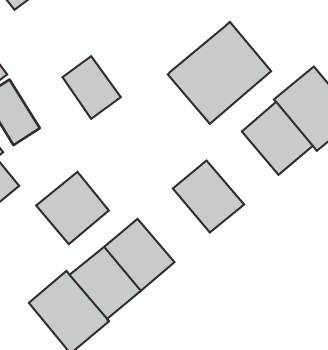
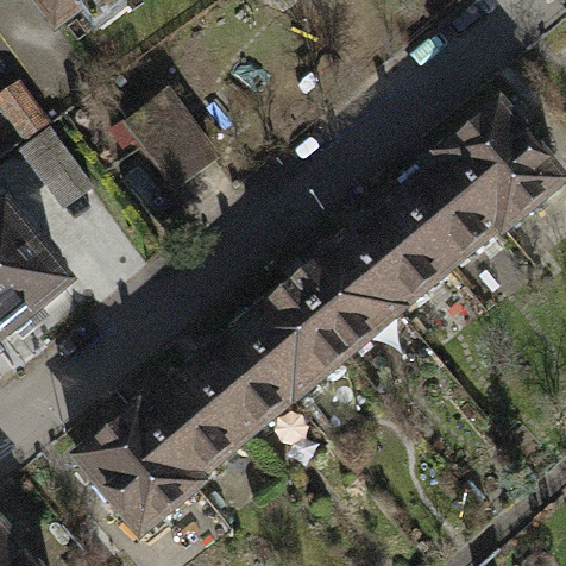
building: [168,22,271,124] -> none
building: none -> [341,206,448,314]
building: [36,172,109,244] -> none
building: none -> [239,290,346,400]

